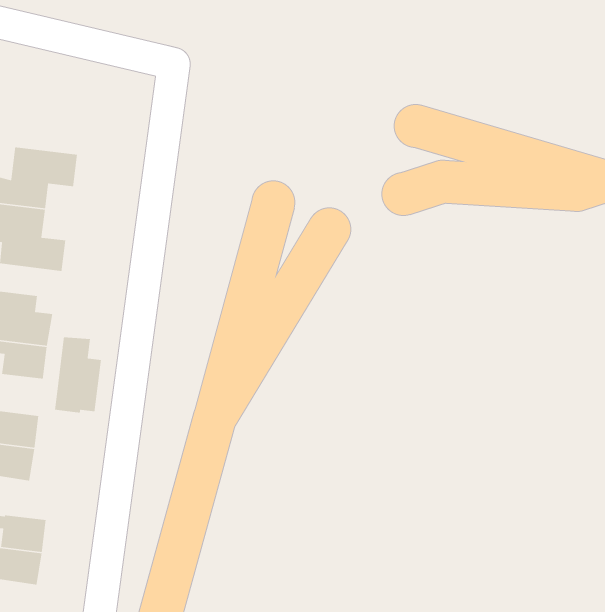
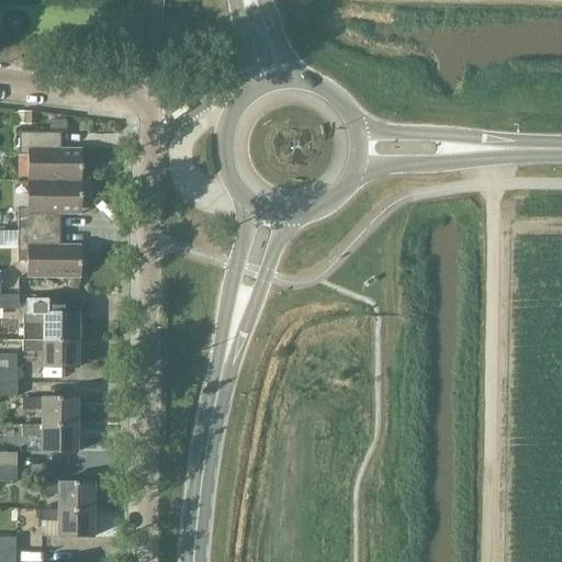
building: none -> [20,131,82,179]
building: [54,336,102,414] -> none

